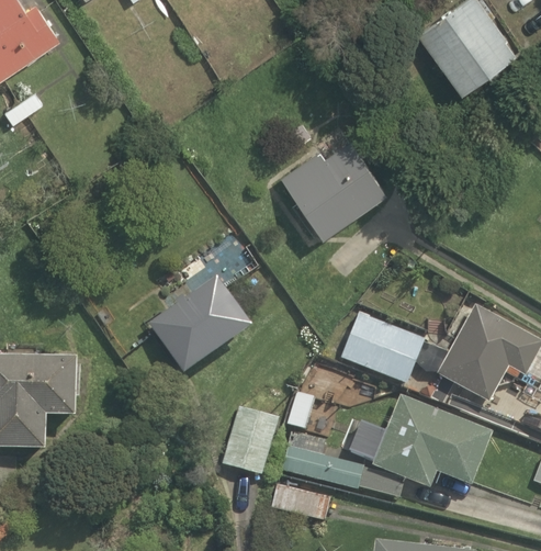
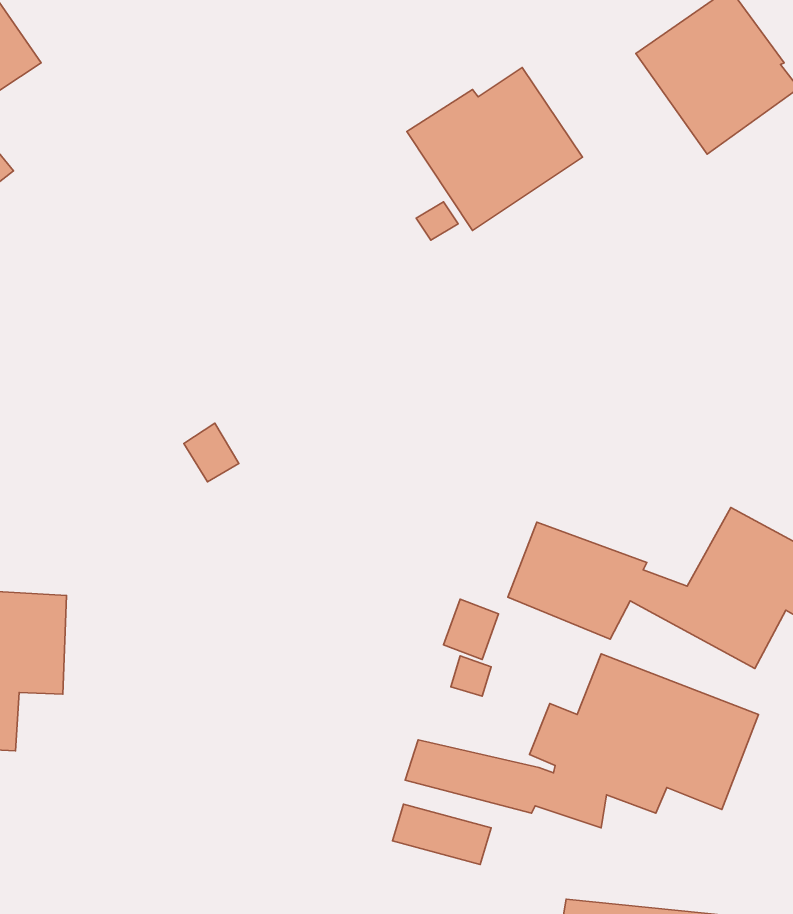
building: [281,138,386,236] -> [407,67,582,230]
building: [149,277,252,375] -> none
building: [222,406,280,475] -> none

